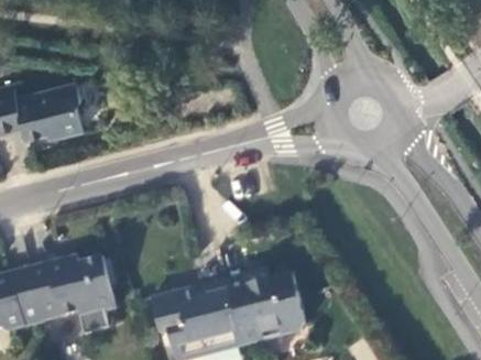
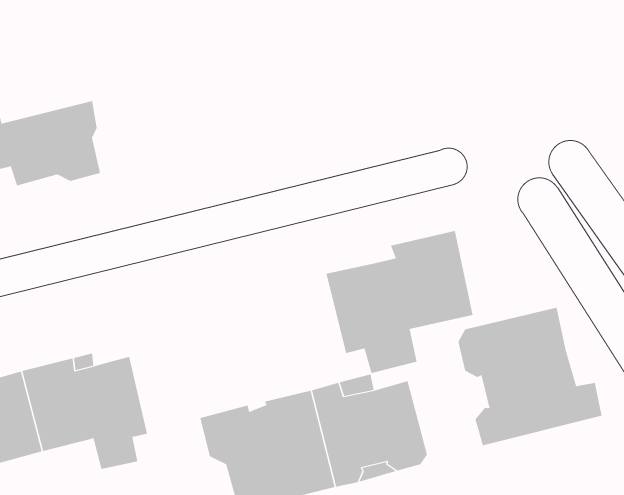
building: none -> [326,230,473,374]
building: none -> [458,307,602,446]

